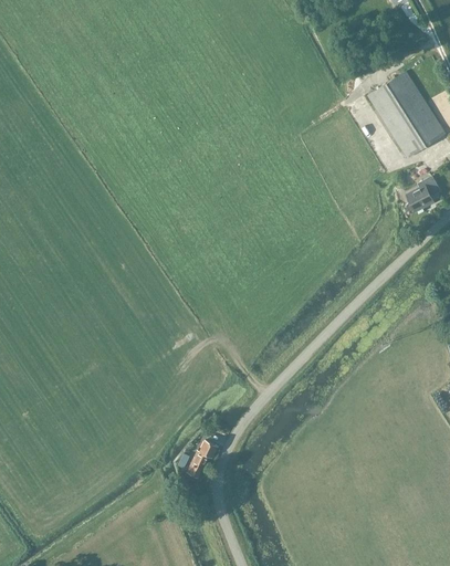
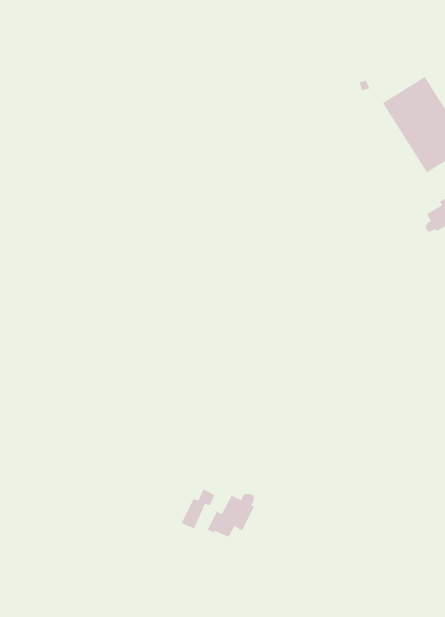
building: none -> [207,493,255,537]

